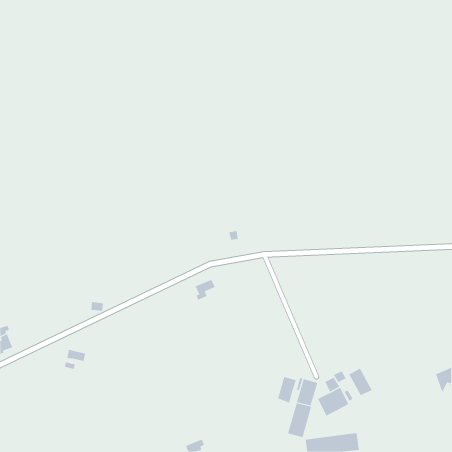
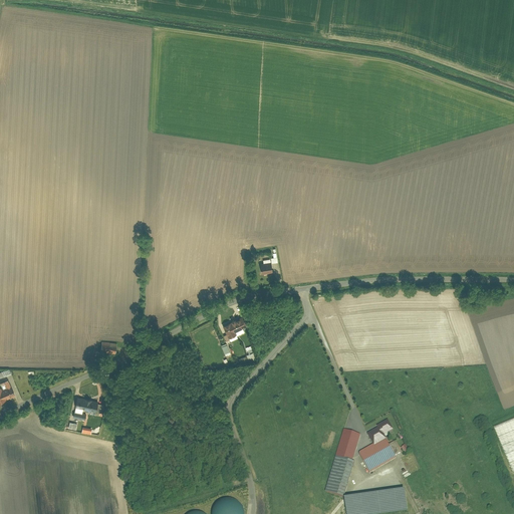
building: [349,368,372,396] -> none
building: [277,376,296,403] -> none

